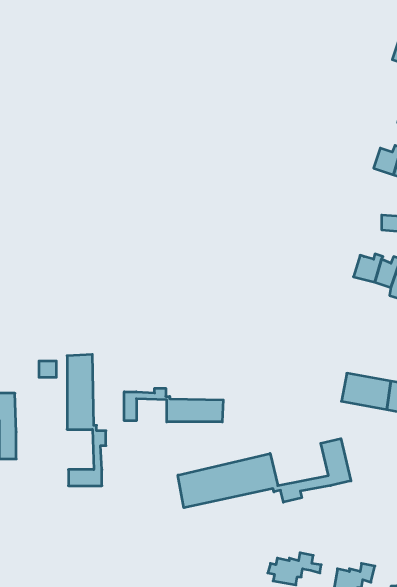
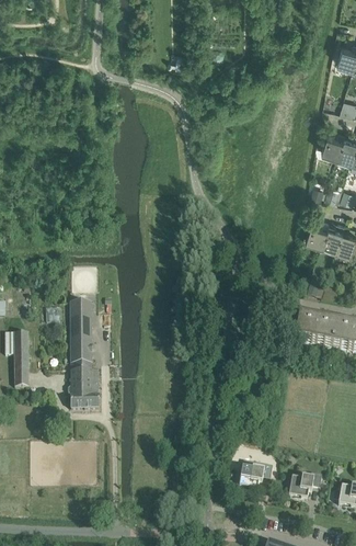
building: [124,388,223,422] -> none
building: none -> [68,362,92,395]
building: [178,439,351,508] -> none

